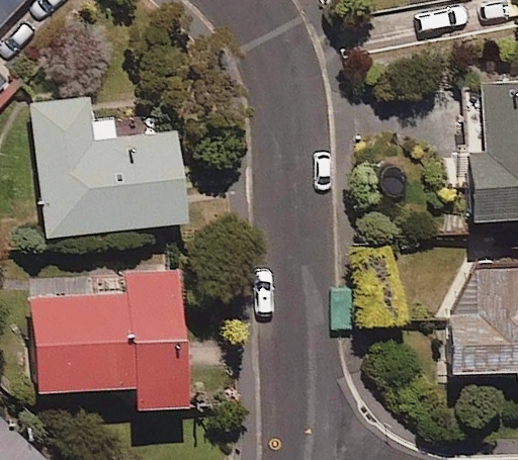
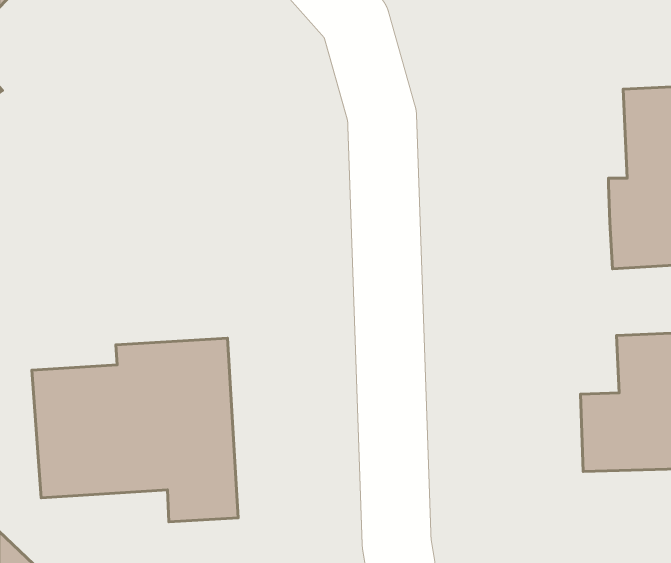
building: [32,97,186,238] -> none

